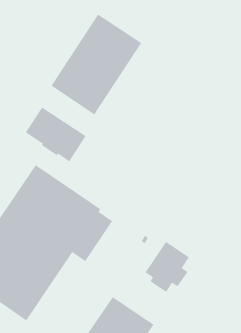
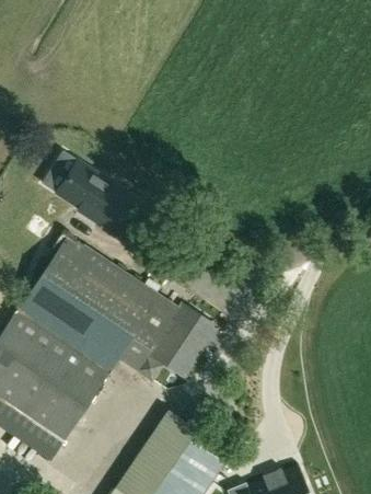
building: [50,13,142,116] -> none
building: [145,241,190,293] -> [153,307,215,377]

